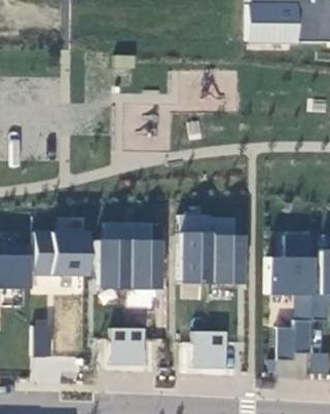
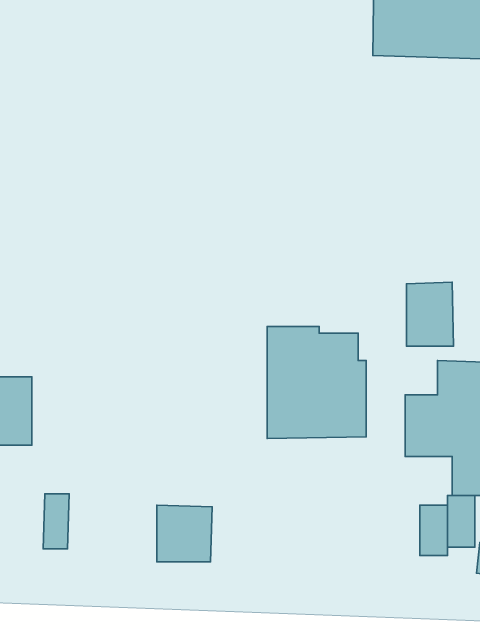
building: none -> [407,282,454,346]
building: [96,222,161,291] -> none
building: [36,229,88,272] -> none
building: [192,331,226,367] -> none

